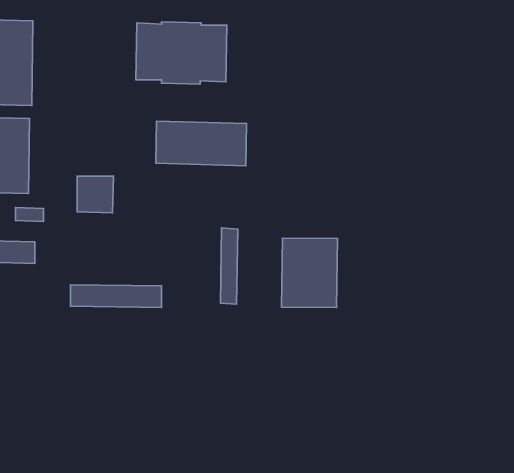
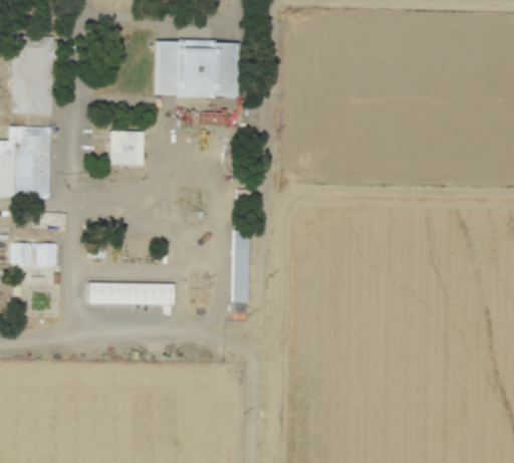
building: [156,121,247,166] -> none
building: [77,176,114,213] -> [107,130,142,164]
building: [282,238,337,308] -> none

